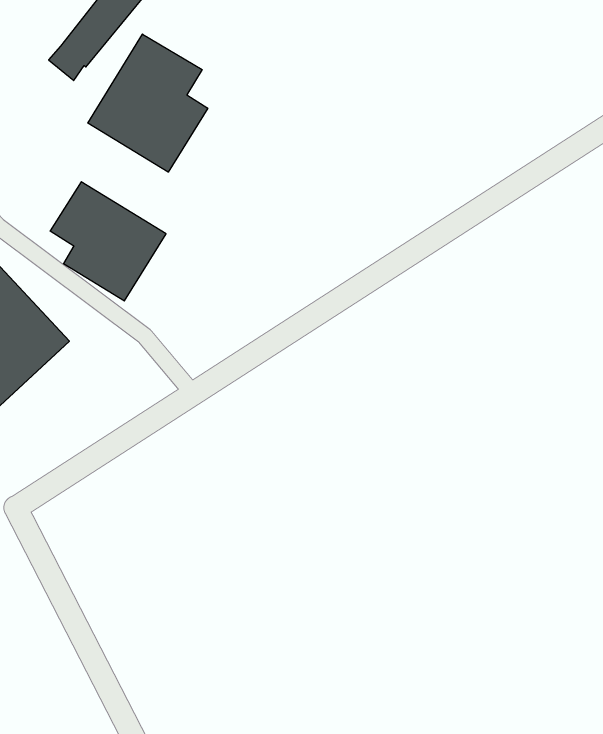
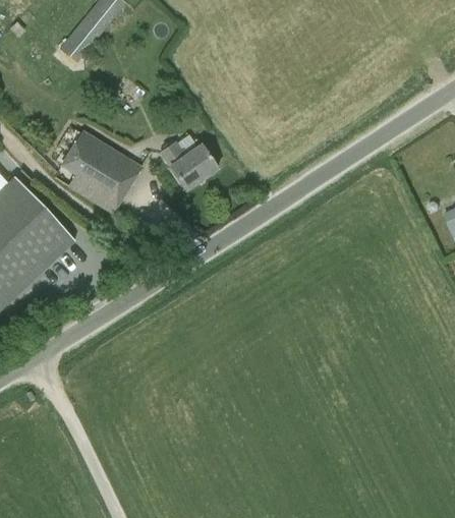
building: [88,34,208,172] -> none
building: none -> [159,140,217,189]

